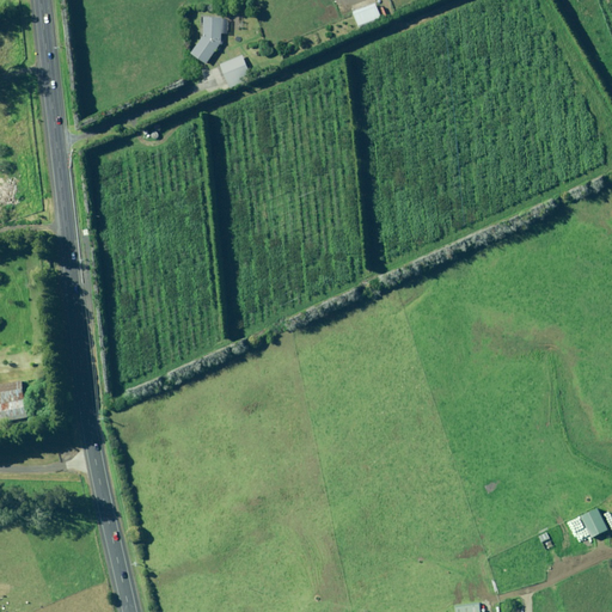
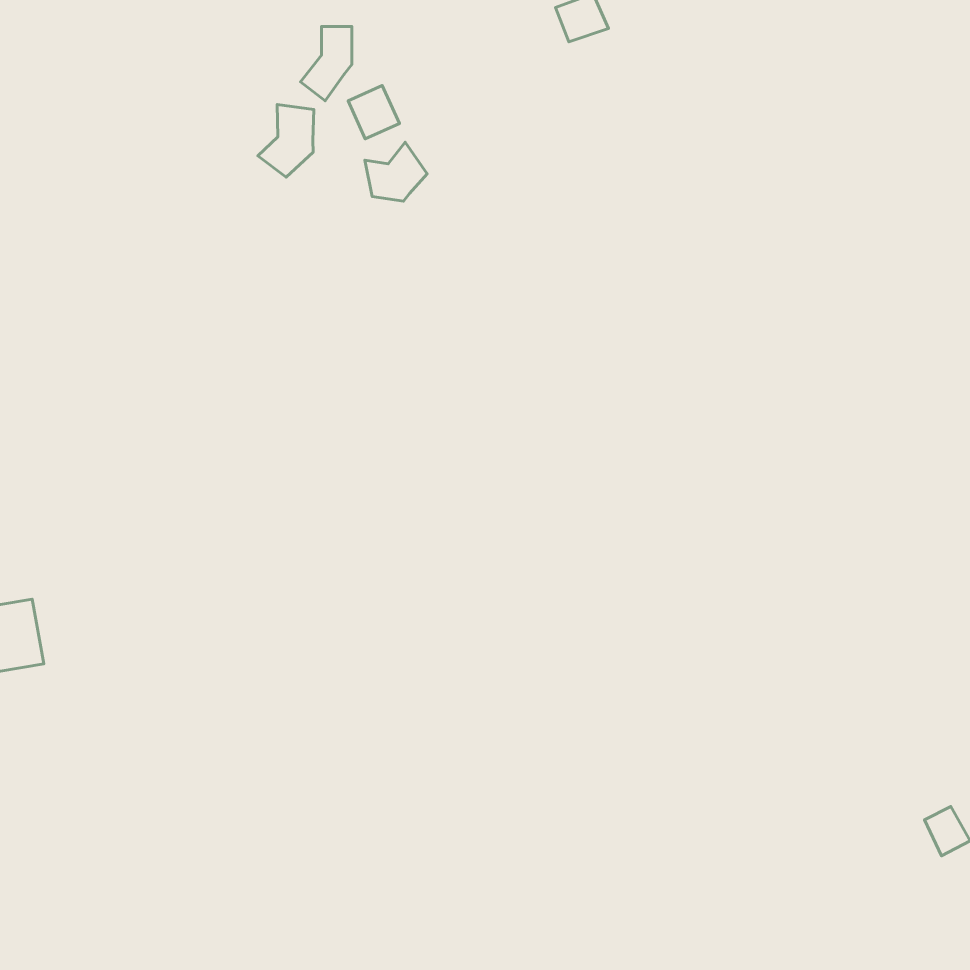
building: none -> [258,105,314,177]
building: none -> [365,142,427,201]

